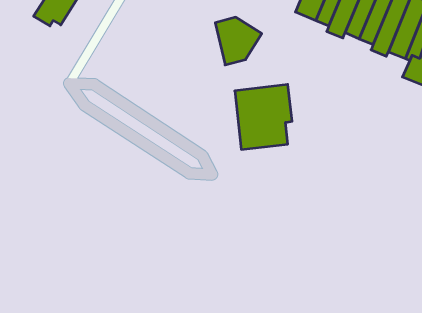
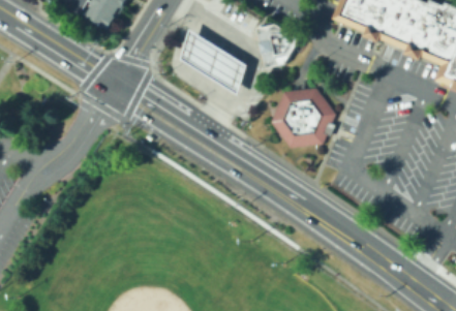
building: none -> [180,28,247,93]

